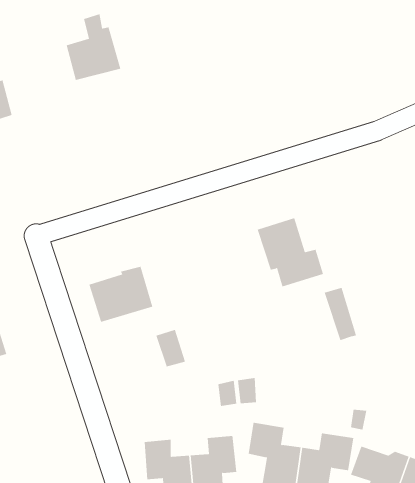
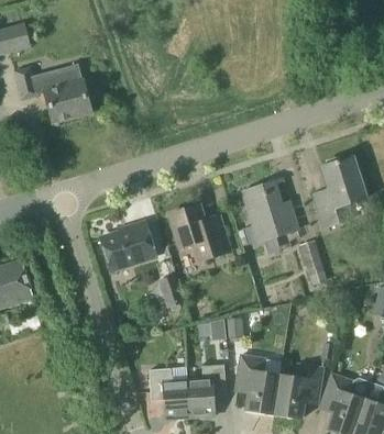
building: [66,14,121,80] -> [44,66,90,122]
building: none -> [315,156,365,227]
building: none -> [168,205,231,263]

